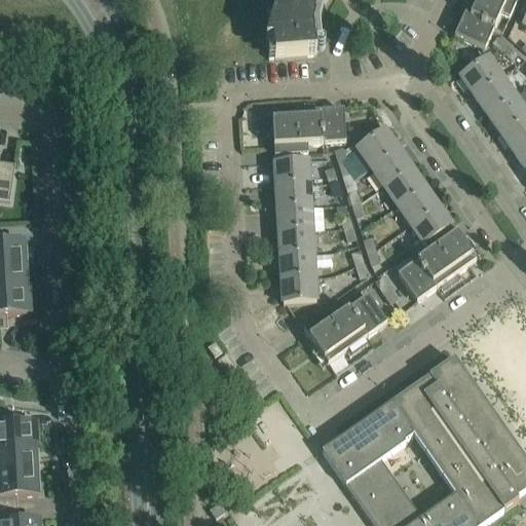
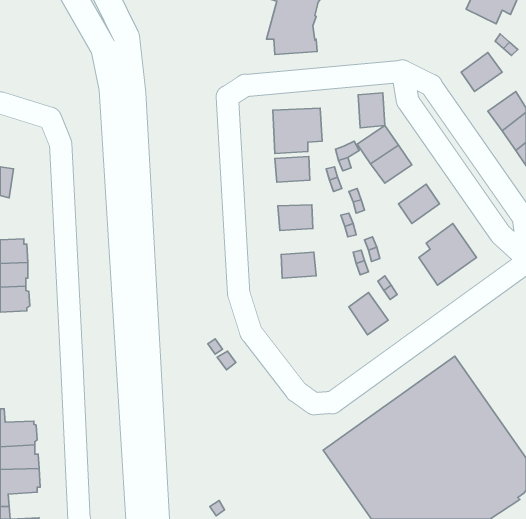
building: [454,9,495,46] -> none
building: [474,72,515,111] -> none
building: [320,106,346,141] -> [358,93,385,128]
building: [384,164,425,203] -> none
building: [276,180,311,205] -> none
building: [411,203,452,242] -> none
building: [279,228,313,254] -> none
building: [398,257,437,299] -> none
building: [281,275,316,301] -> none
building: [304,306,367,361] -> none

